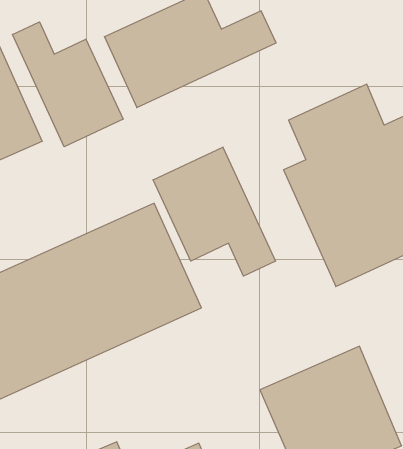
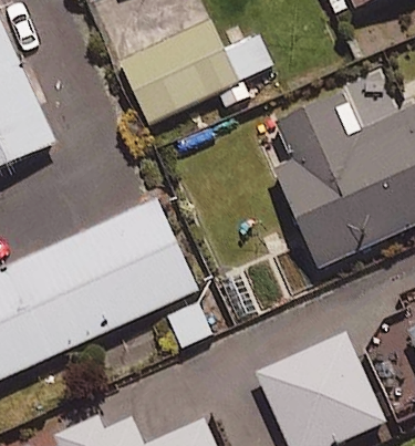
building: [13,22,123,147] -> none
building: [153,147,275,276] -> none

